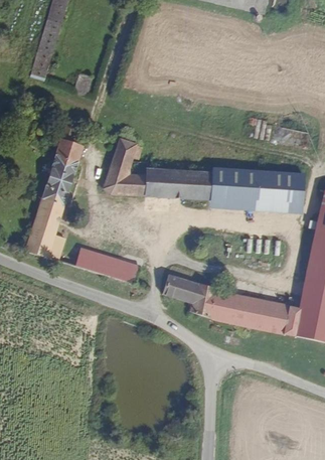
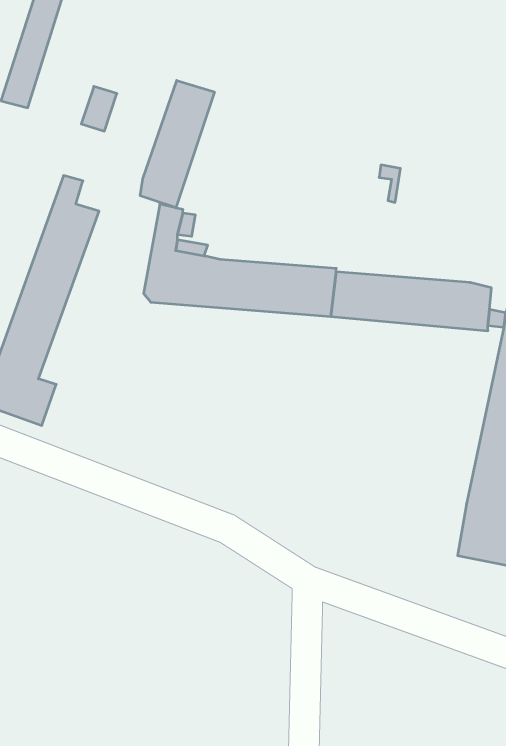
building: none -> [140,80,214,208]
building: [77,254,138,286] -> none
building: [162,277,297,335] -> none

